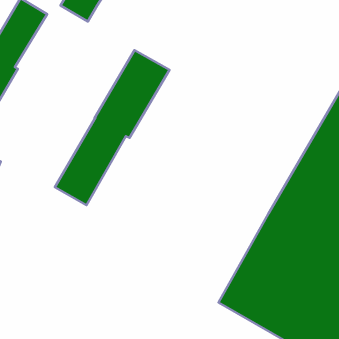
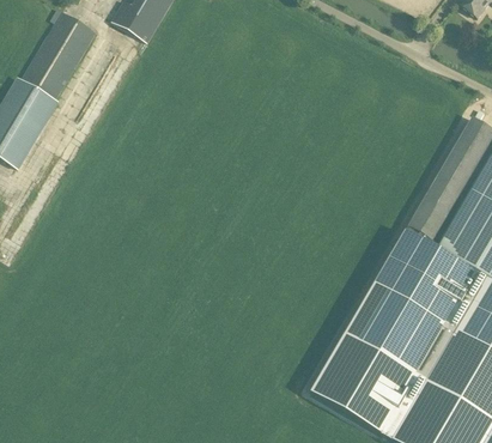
building: [55,50,170,205] -> none

